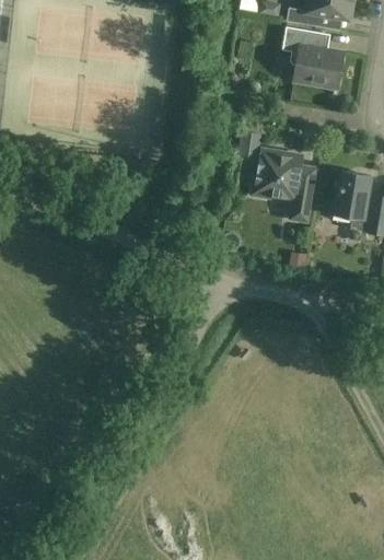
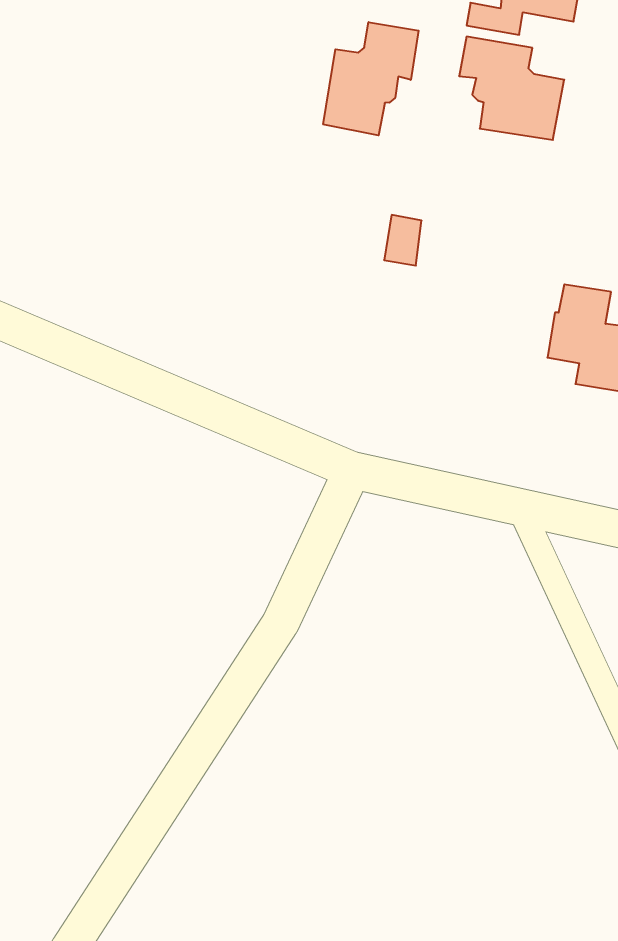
building: none -> [323,22,419,135]
building: [252,149,316,222] -> none

